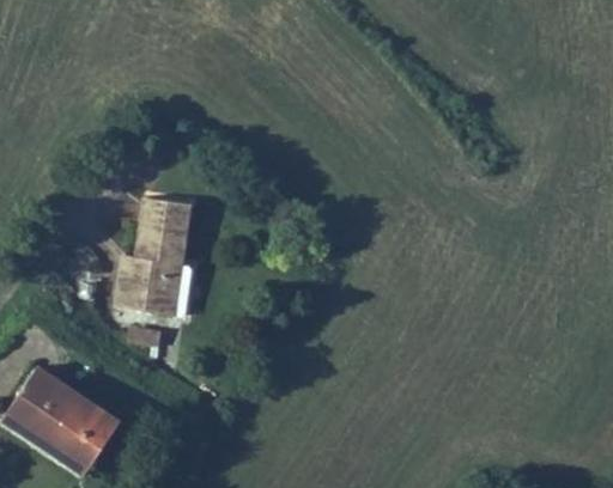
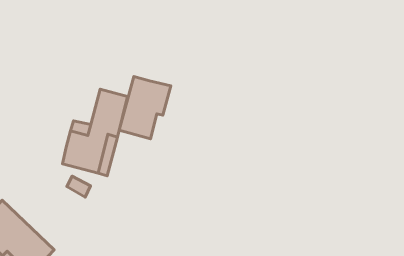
building: none -> [119,76,171,139]

